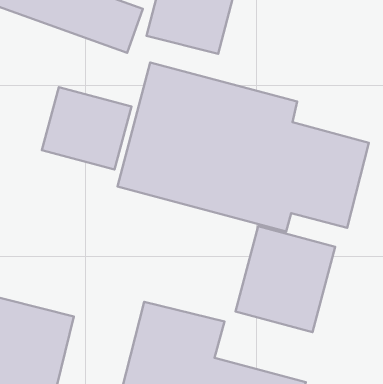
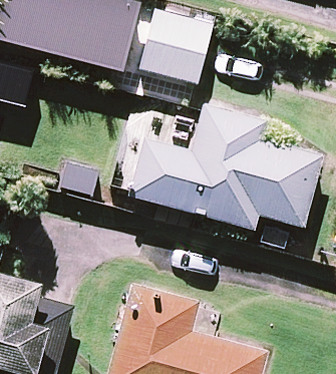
building: [42,87,132,170] -> none
building: [236,226,335,332] -> none

